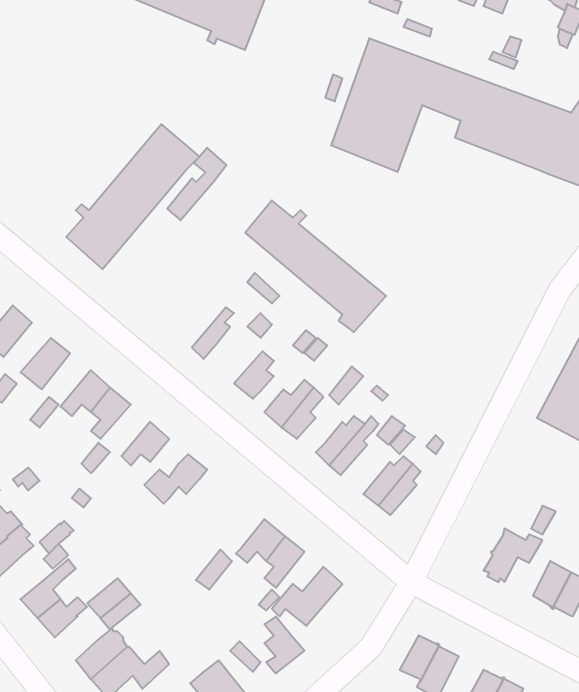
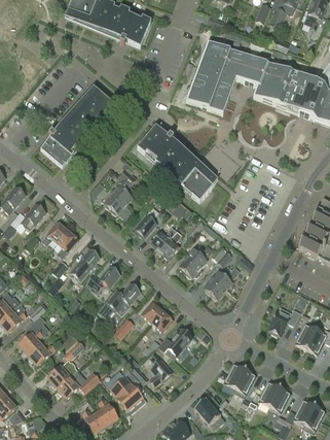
building: [167,148,226,220] -> [105,169,137,208]
building: none -> [98,282,140,318]

